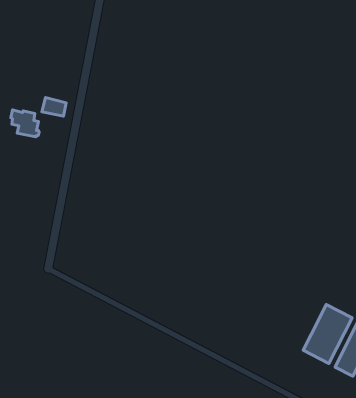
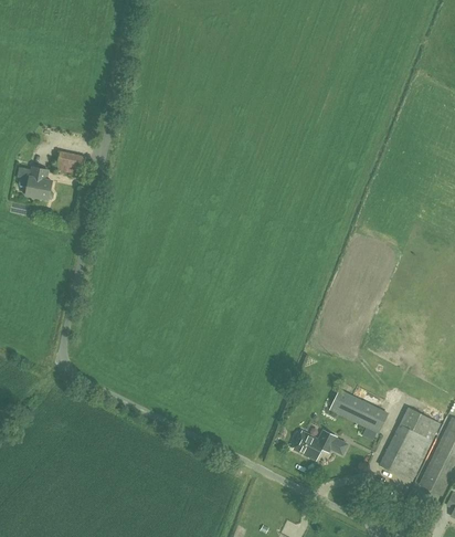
building: none -> [328,388,387,432]
building: none -> [292,430,346,459]

